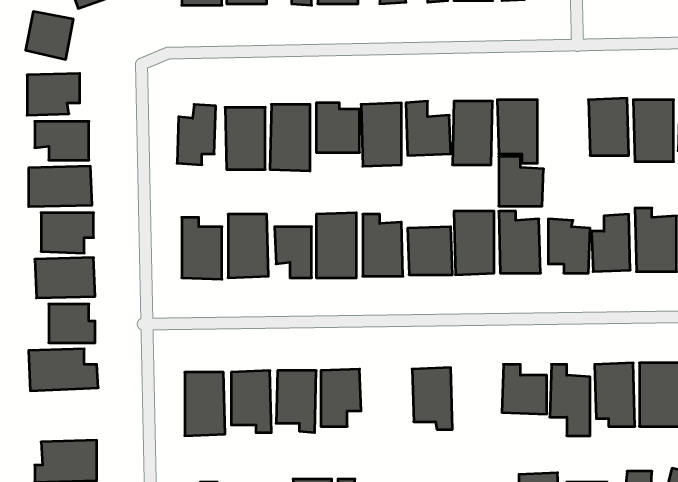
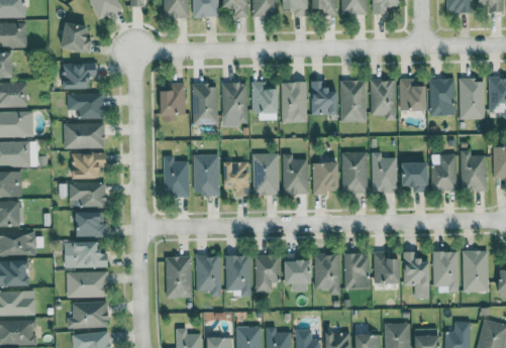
building: [499,157,544,206] -> [400,78,429,110]
building: none -> [343,253,371,288]
building: none -> [286,259,313,289]
building: none -> [66,271,107,297]

